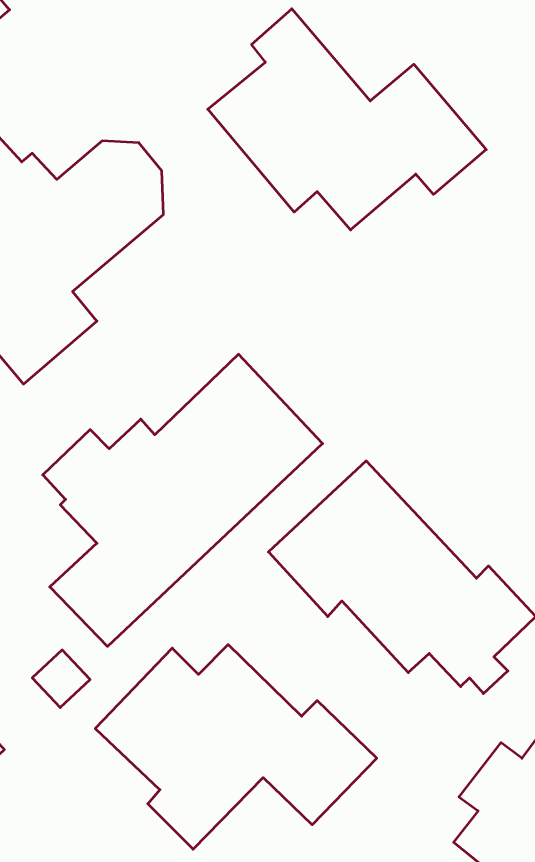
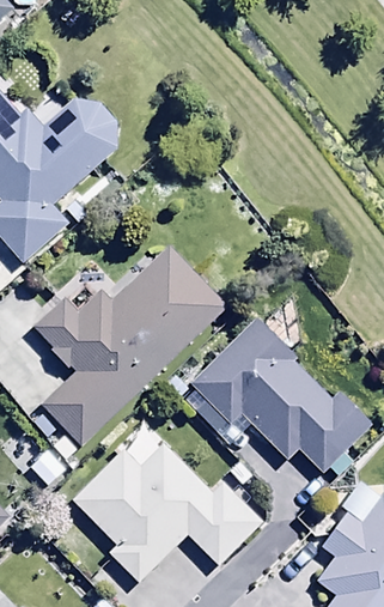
building: [208,9,486,230] -> none

